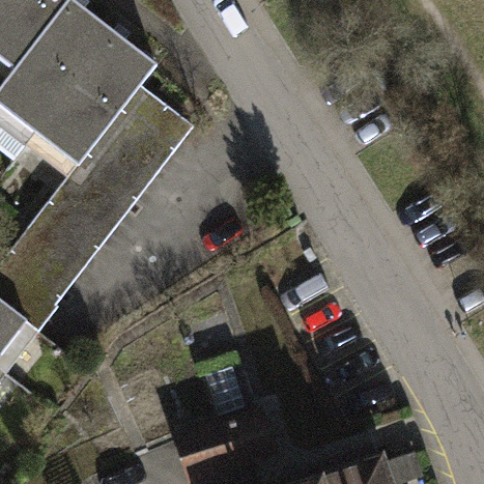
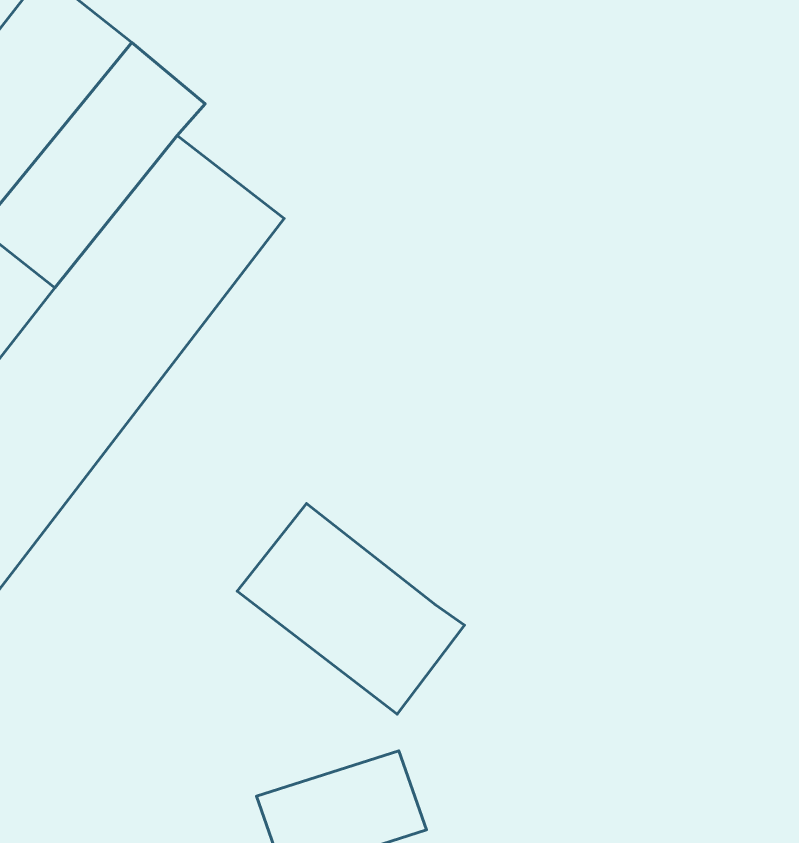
building: none -> [237,503,464,714]

